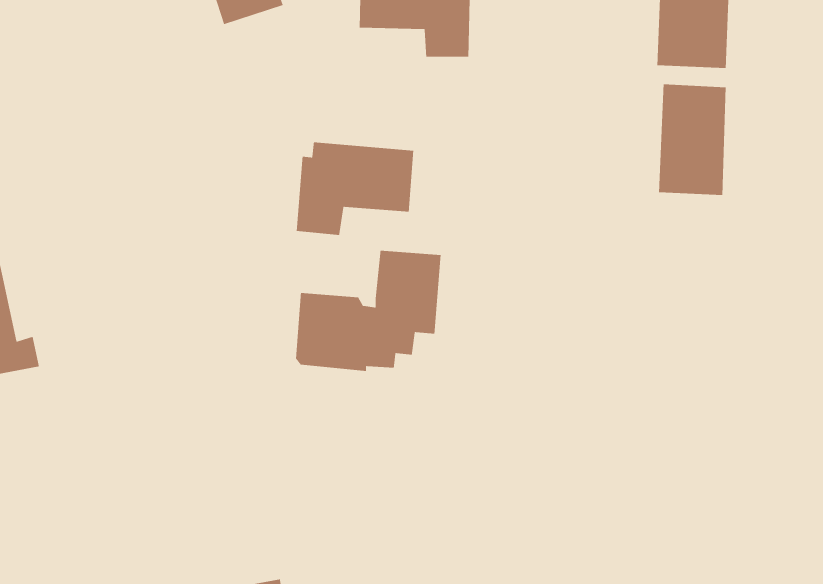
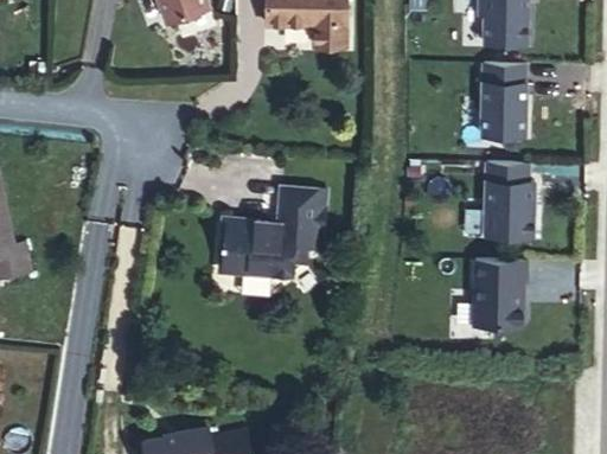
building: [296,142,414,236] -> none
building: none -> [486,161,538,244]
building: none -> [474,257,528,332]

